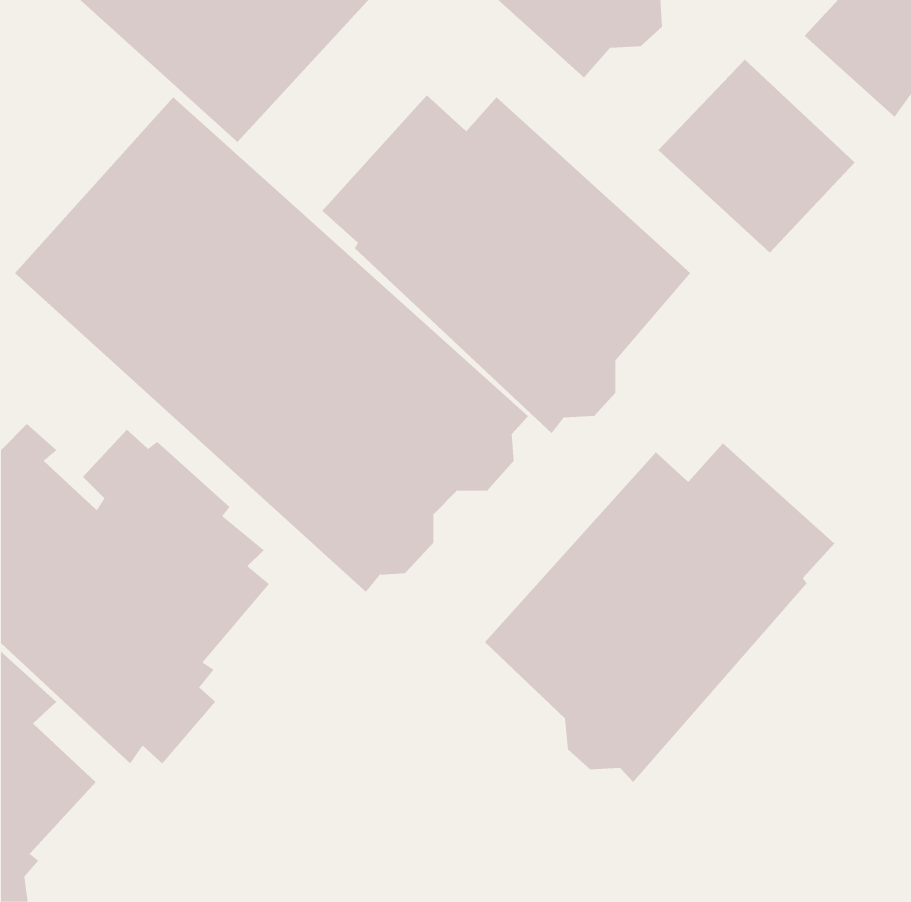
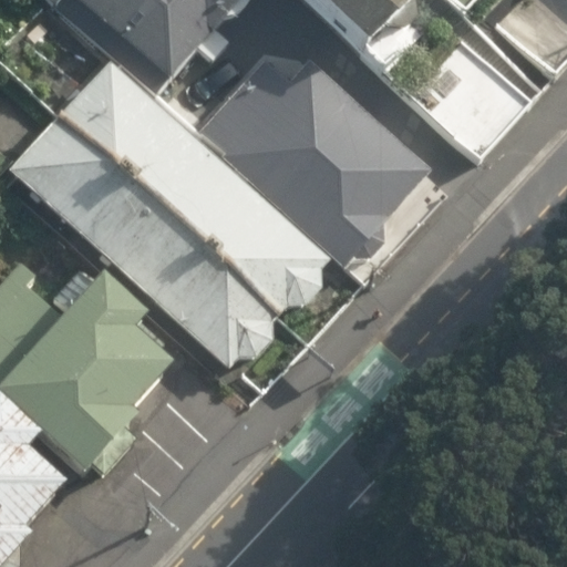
building: [484,443,835,783] -> none

